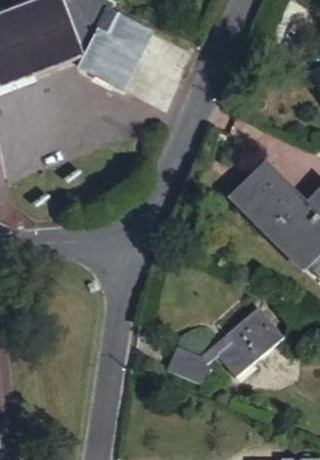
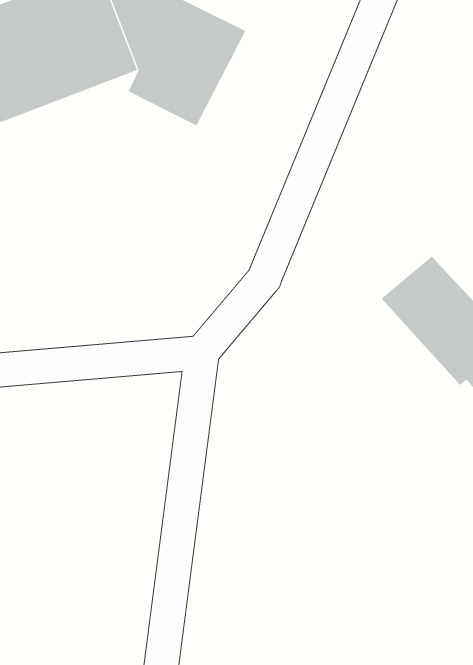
building: [165,308,282,385] -> none

